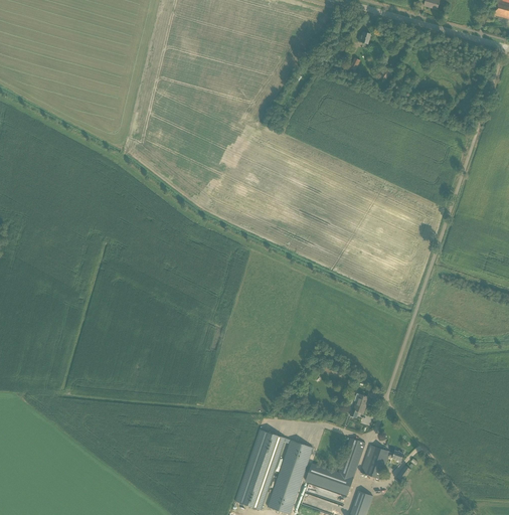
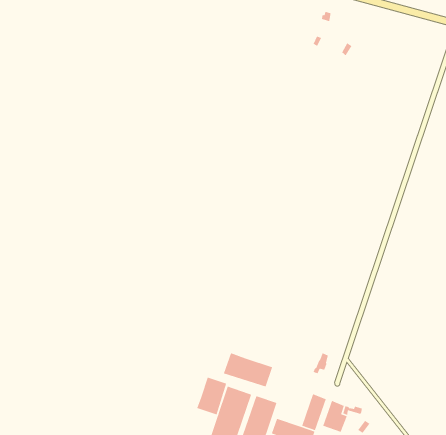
building: none -> [223,352,273,388]
building: none -> [196,377,227,416]

